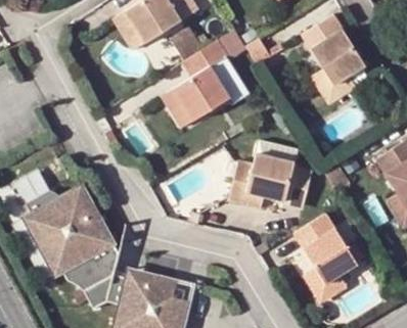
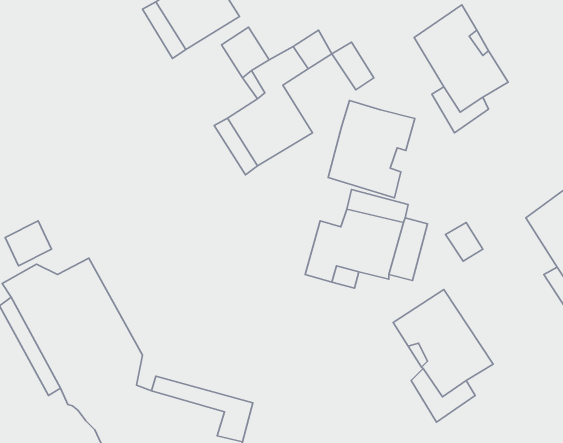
building: none -> [328,101,415,198]

